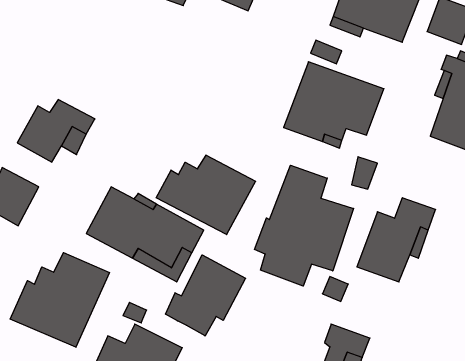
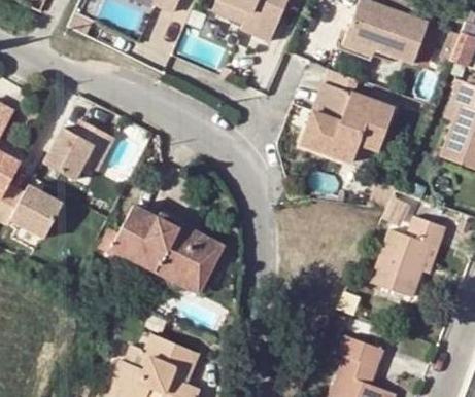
building: [156,155,256,235] -> none
building: [254,165,354,286] -> none
building: [10,253,110,347] -> none
building: [166,255,246,336] -> none

